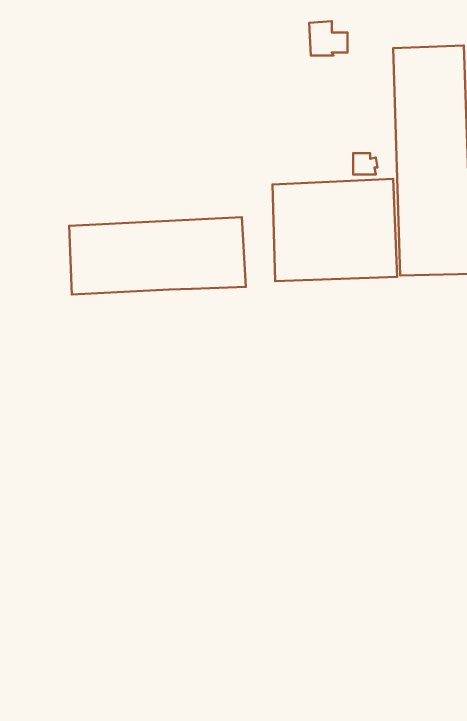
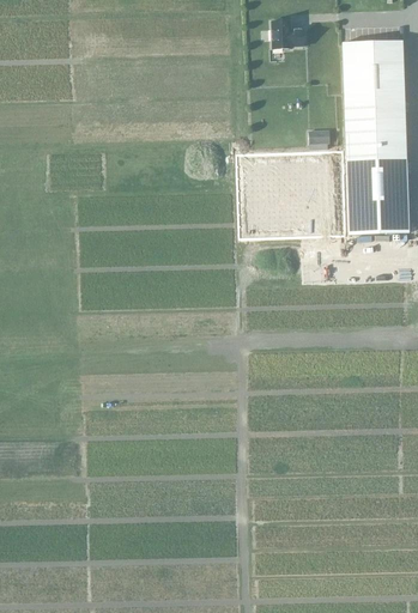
building: [69,217,246,294] -> none

